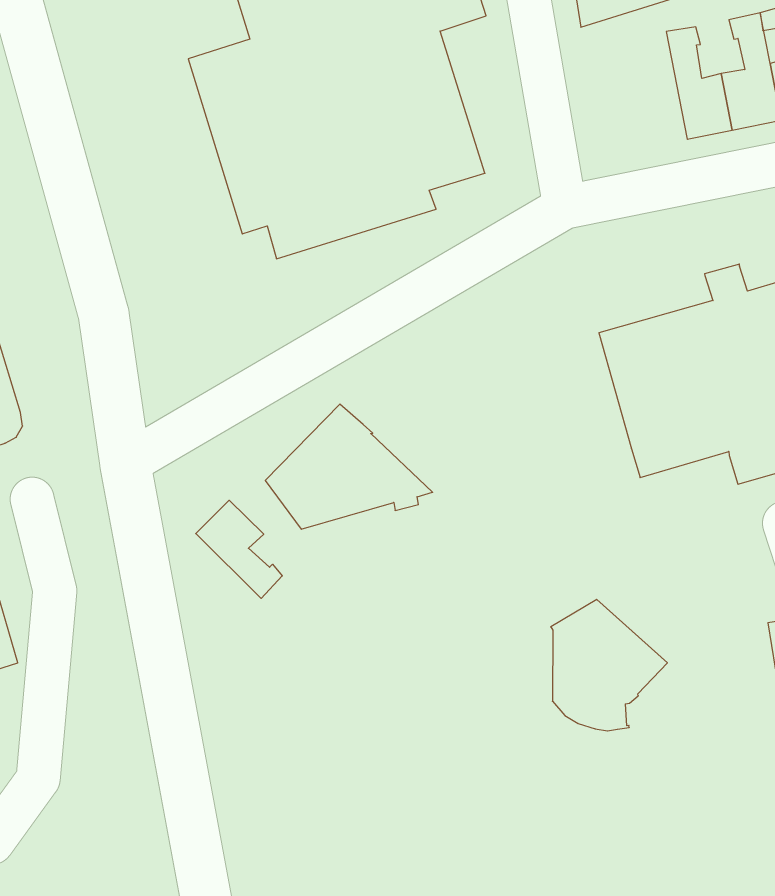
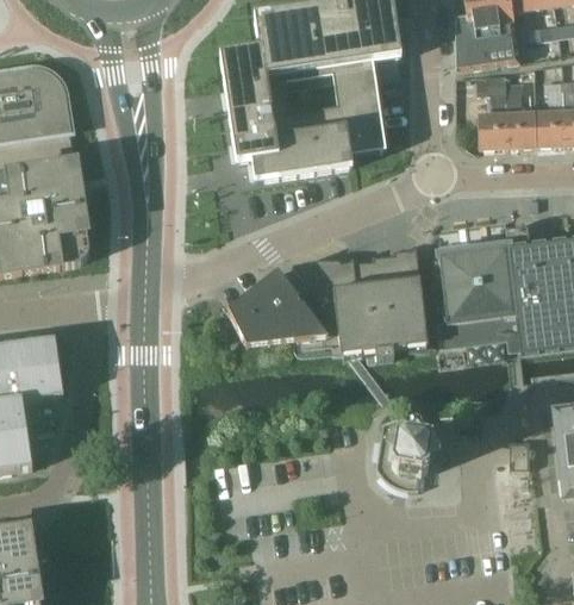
building: none -> [475,74,507,148]
building: none -> [289,248,428,360]
building: [196,500,282,598] -> none

